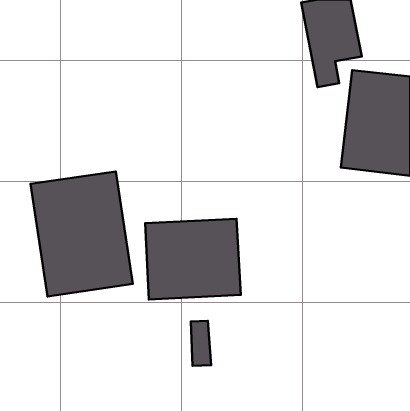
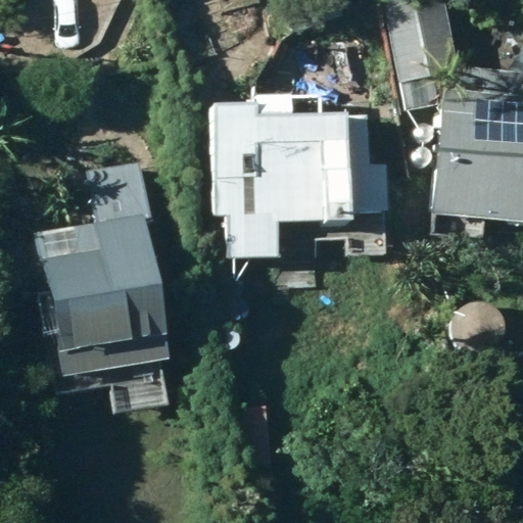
building: none -> [209,95,389,256]
building: [145,219,241,299] -> none

